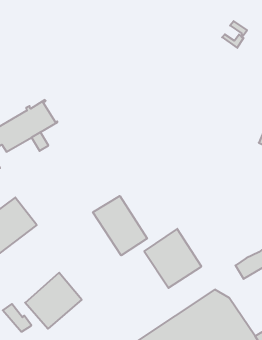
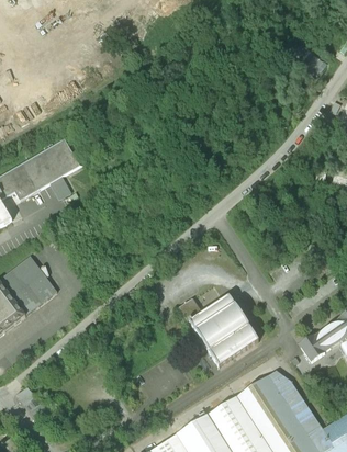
building: [93,196,147,255] -> none
building: [25,273,82,329] -> none

